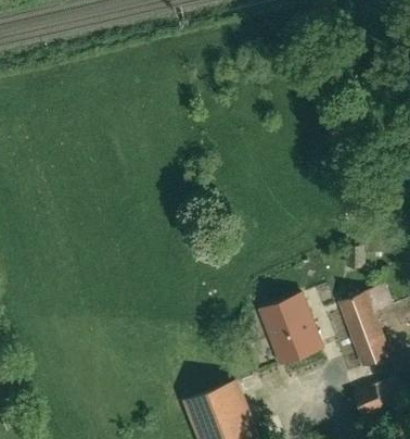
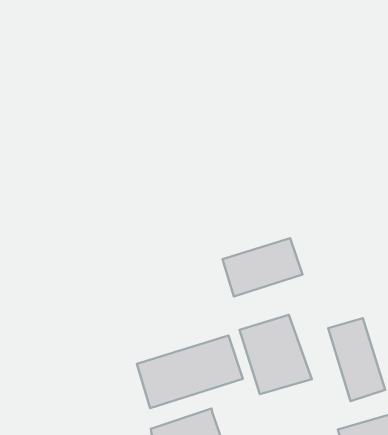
building: none -> [223,238,302,296]
building: none -> [137,336,243,408]

